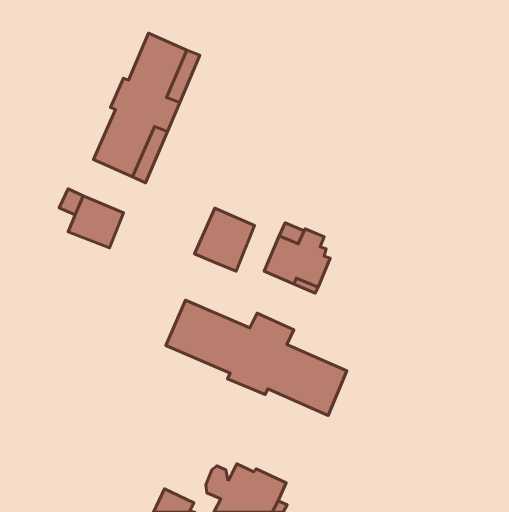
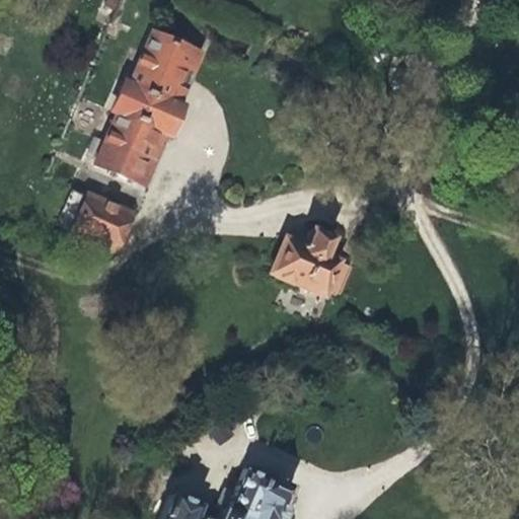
building: [195,208,255,271] -> none
building: [166,300,347,415] -> none

